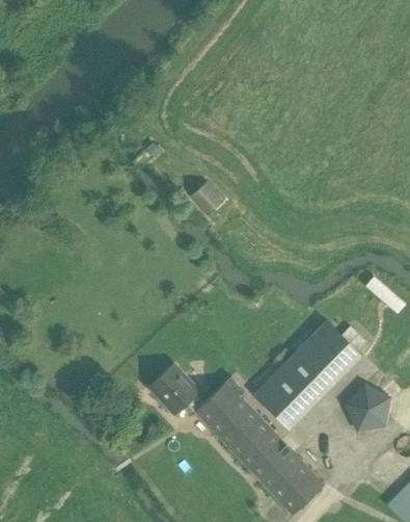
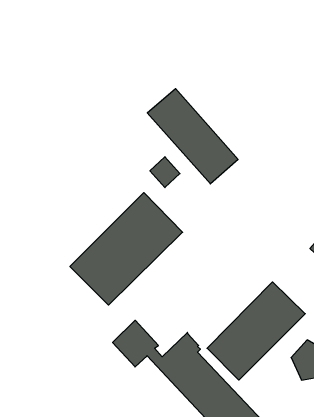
building: none -> [147,89,238,184]
building: none -> [70,193,183,305]

